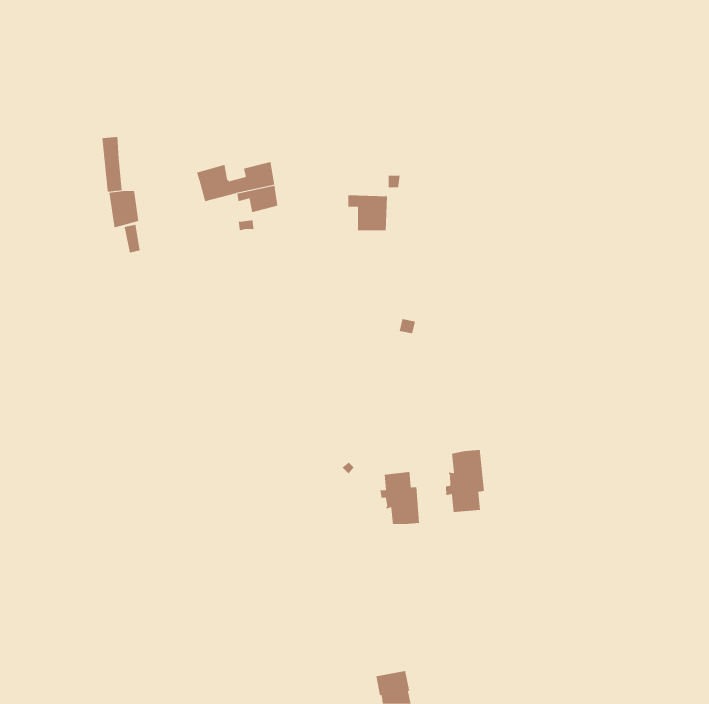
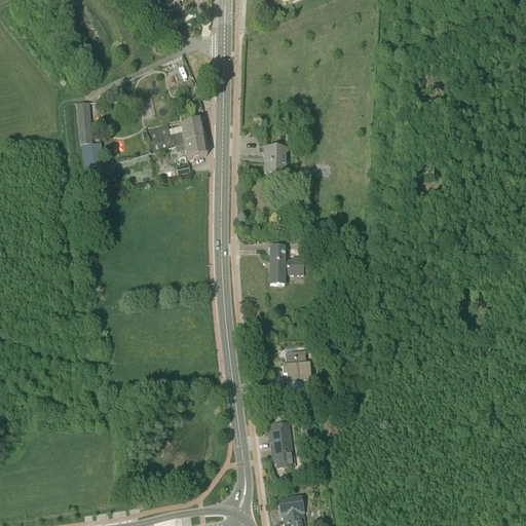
building: none -> [266,245,302,283]
building: [446,449,484,513] -> none
building: none -> [267,420,293,464]

